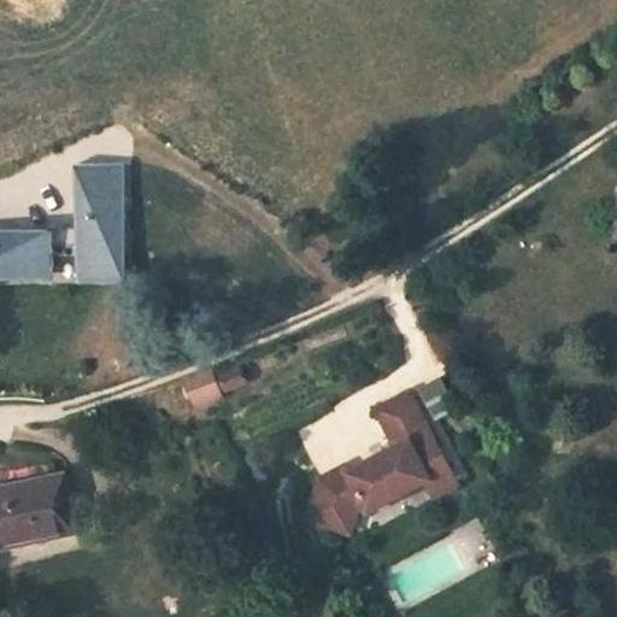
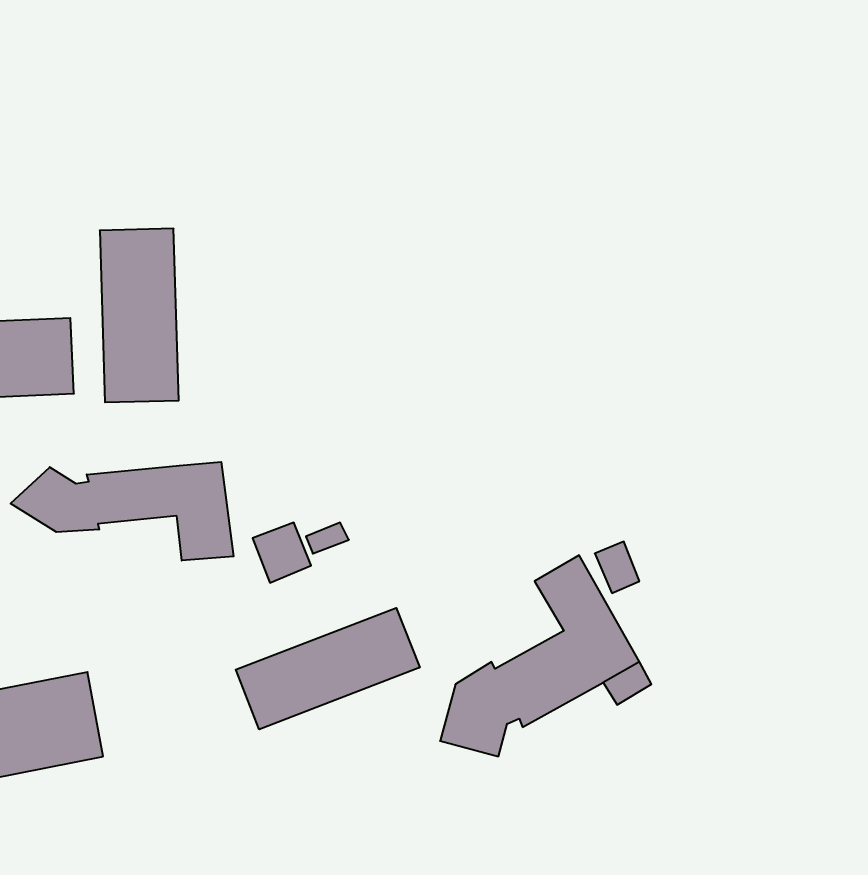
building: none -> [11,462,234,561]
building: none -> [236,608,420,729]

